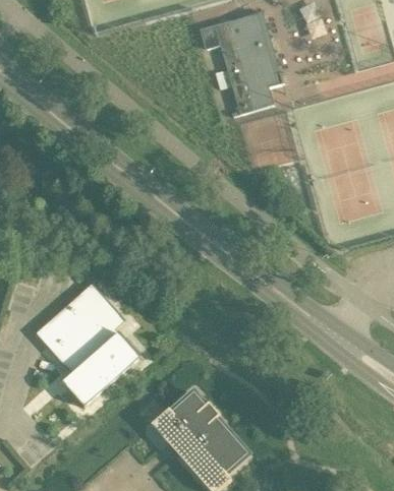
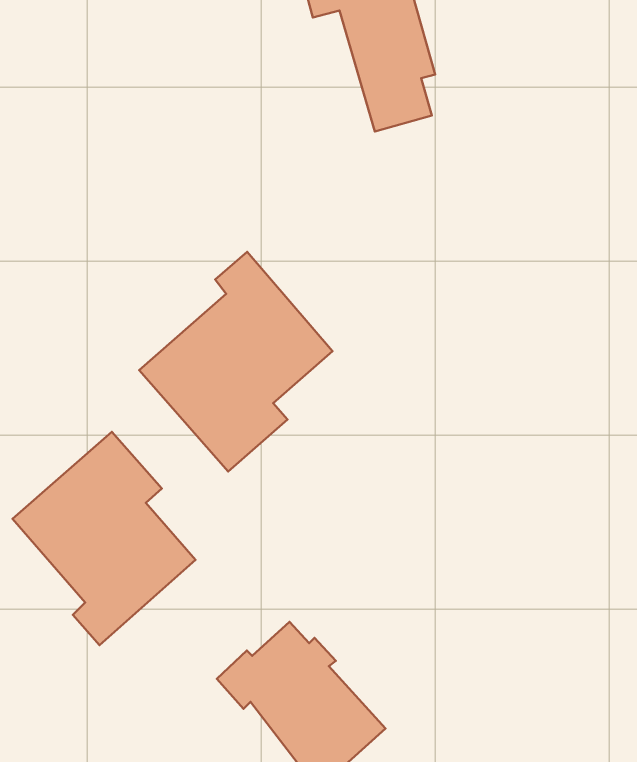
building: none -> [139,252,332,472]

